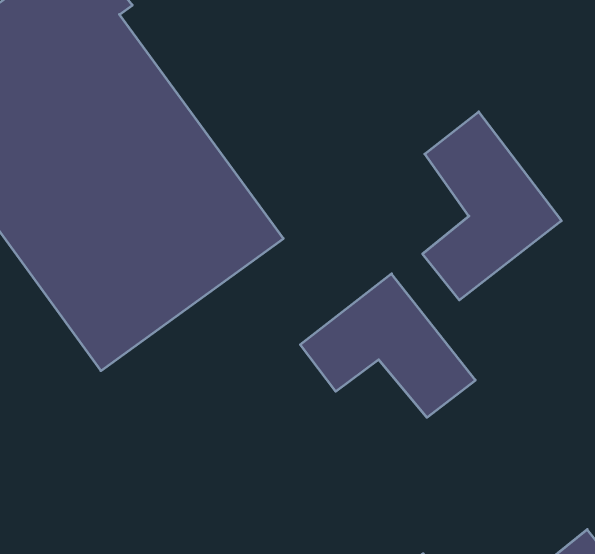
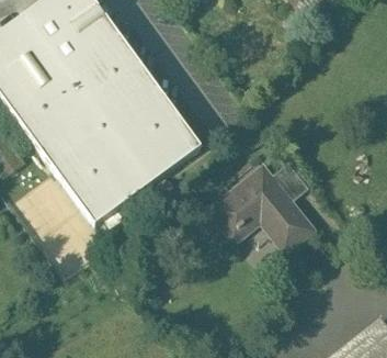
building: [423,112,561,300] -> none

